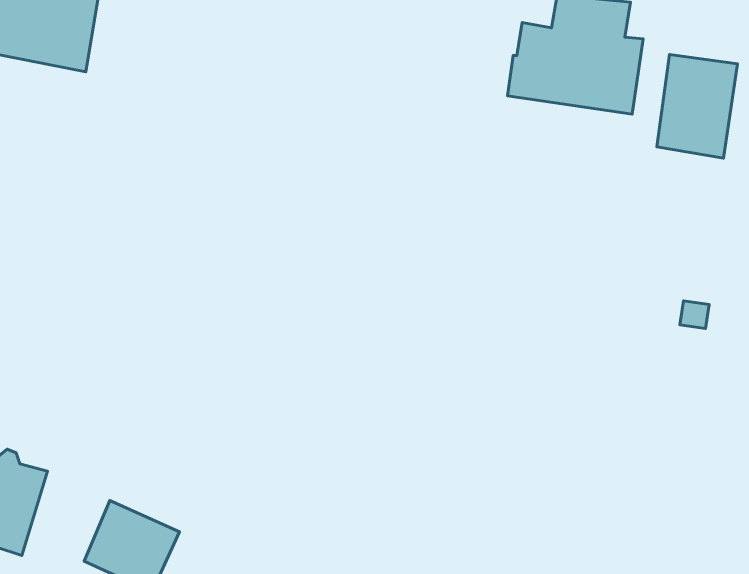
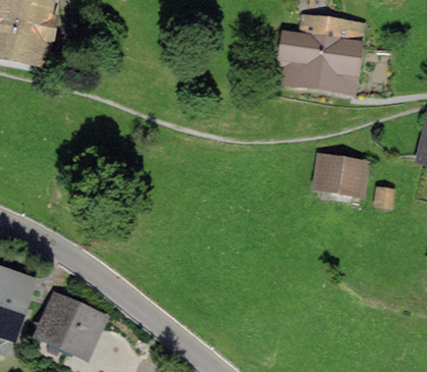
building: [657,55,737,158] -> none
building: none -> [321,158,369,194]

